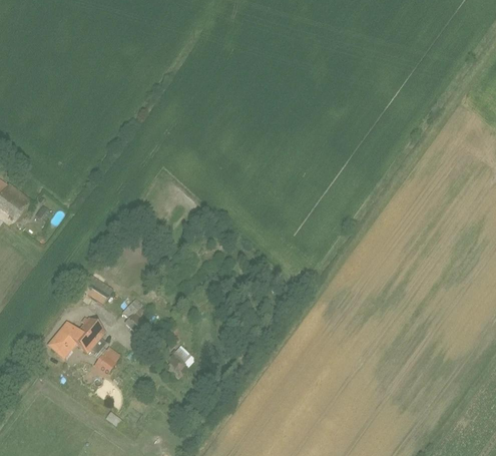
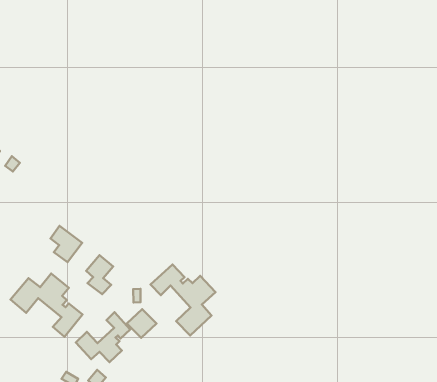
building: none -> [150,264,215,335]
building: none -> [76,312,130,362]

